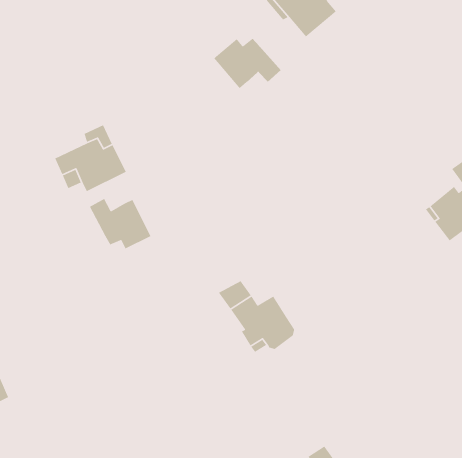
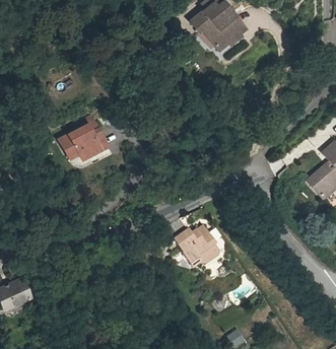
building: [213,38,281,89] -> none
building: [89,198,151,250] -> none

